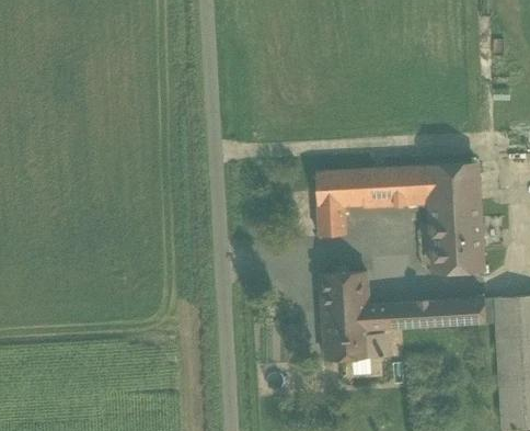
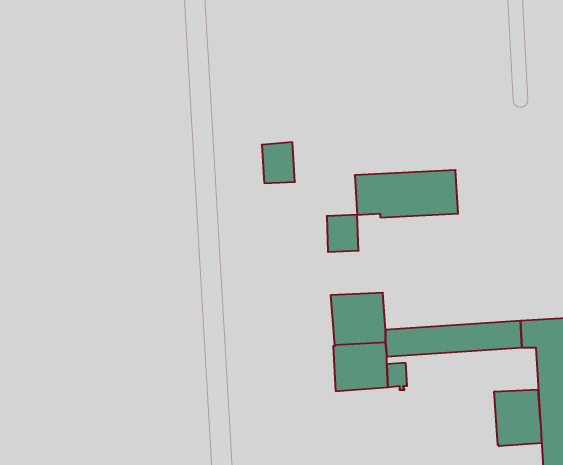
building: [427,165,481,273] -> none
building: [314,172,343,207] -> [262,142,295,183]
building: none -> [494,389,541,446]

